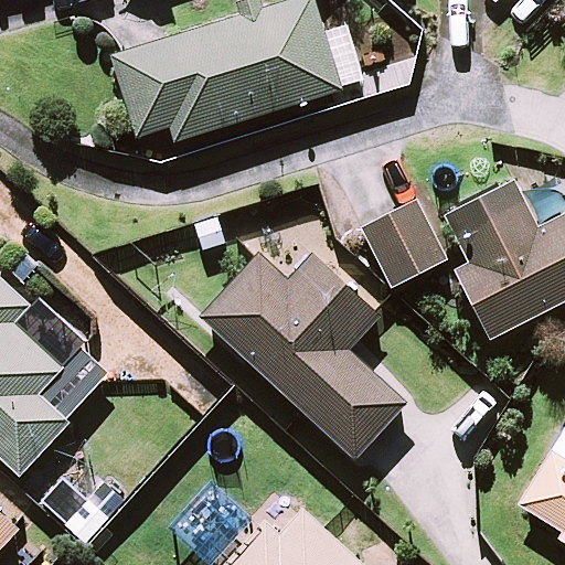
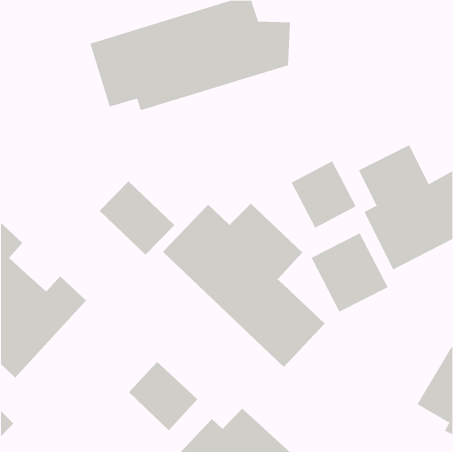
building: none -> [99,181,175,255]
building: none -> [311,232,389,312]
building: [35,455,122,542] -> [128,361,198,431]

